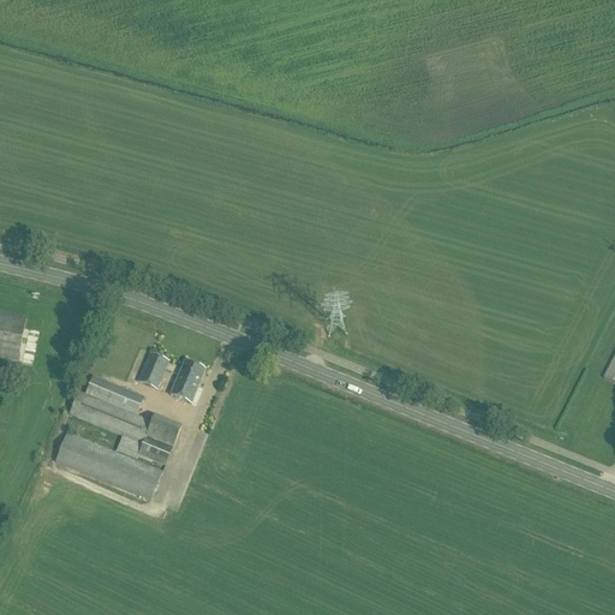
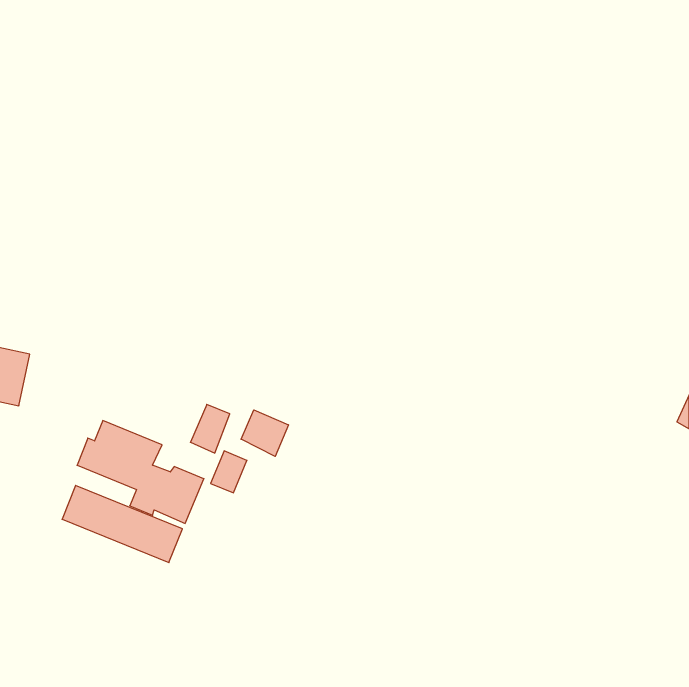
building: [137,351,169,388] -> [211,451,247,493]
building: none -> [241,410,288,456]

